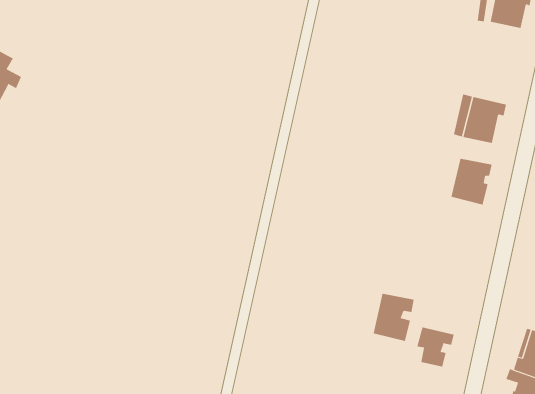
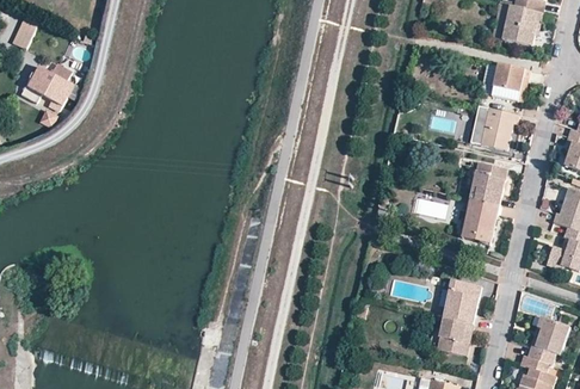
building: none -> [493,62,531,99]
building: none -> [462,198,499,245]
building: [373,293,415,341] -> [443,279,481,323]

